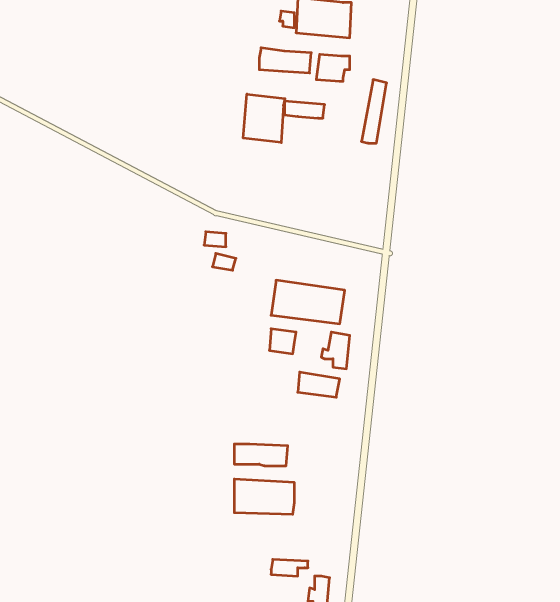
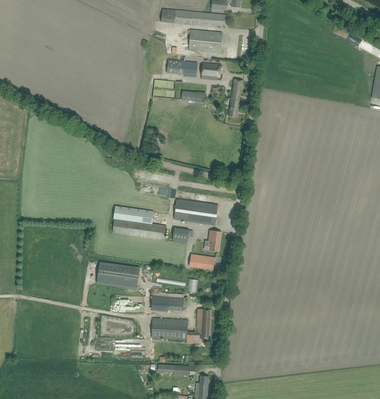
building: [243,94,285,143] -> none
building: none -> [112,205,166,239]
building: none -> [96,261,139,288]
building: none -> [186,308,211,342]

